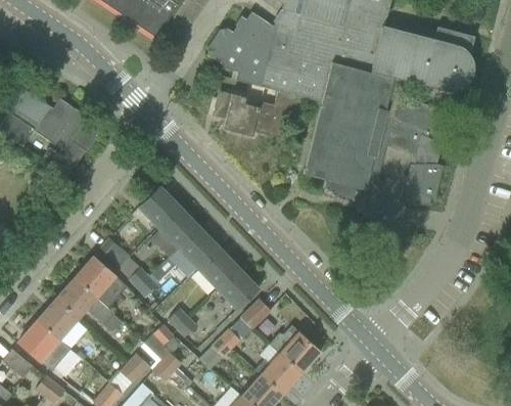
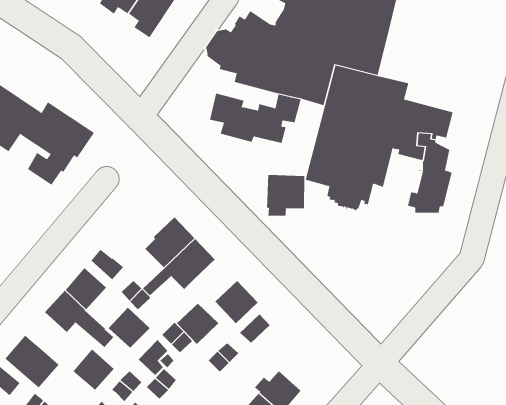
building: [373,26,475,103] -> none
building: none -> [266,174,305,216]
building: [139,186,180,227] -> none
building: [198,249,239,288] -> [176,303,219,345]
building: none -> [108,307,151,348]
building: [38,299,78,339] -> [72,348,114,390]
building: [270,325,321,373] -> none

